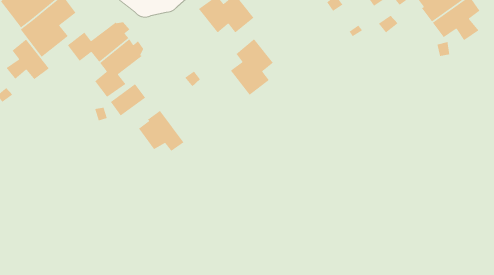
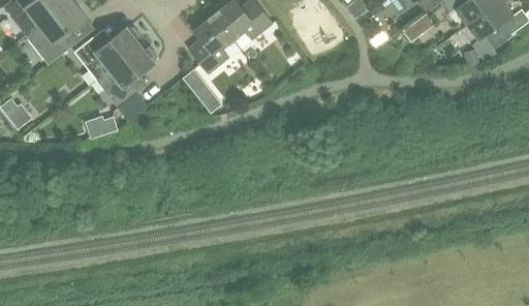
building: [230,38,274,96] -> [187,13,234,74]
building: [5,38,50,80] -> none
building: [128,110,184,152] -> none

